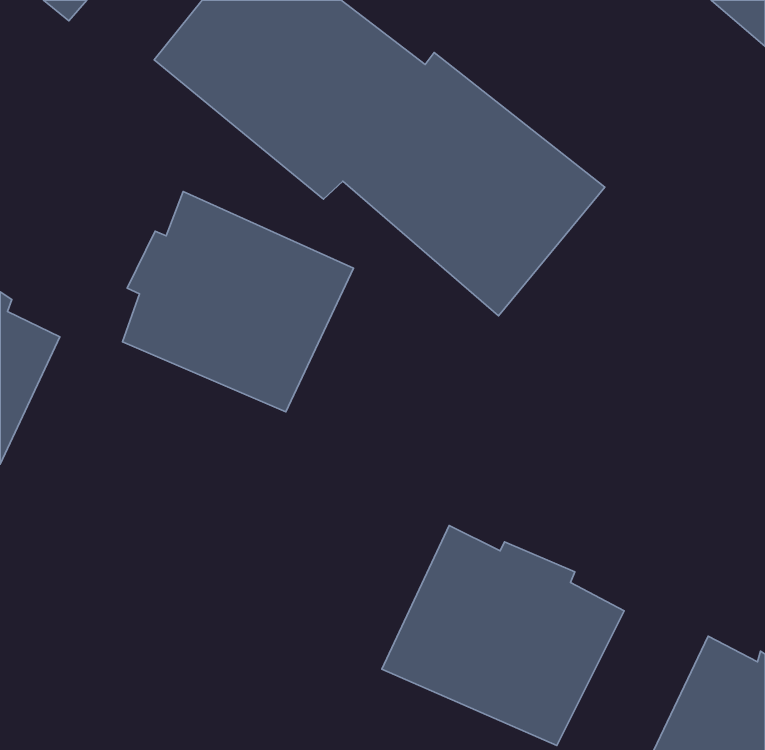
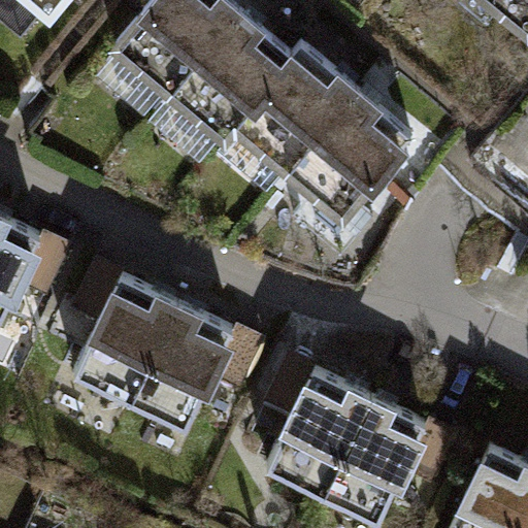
building: [123,191,354,412] -> none
building: none -> [73,282,234,430]

